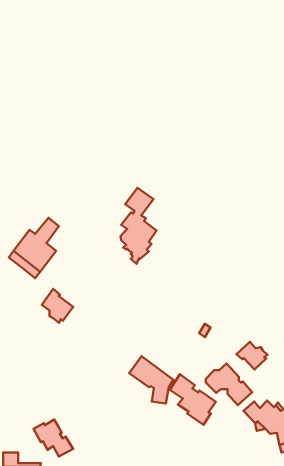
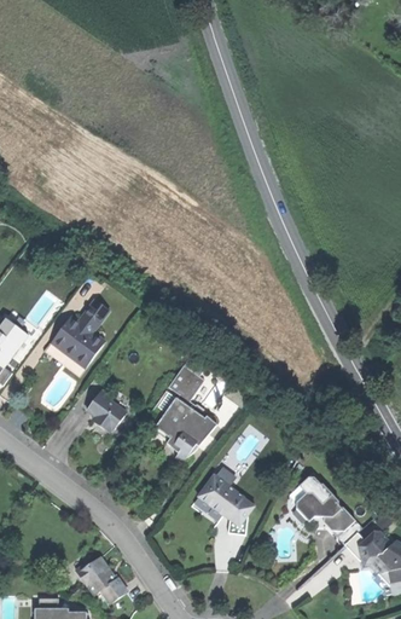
building: [120,188,156,264] -> [162,366,208,463]
building: [236,342,268,370] -> none
building: [170,374,216,425] -> none

